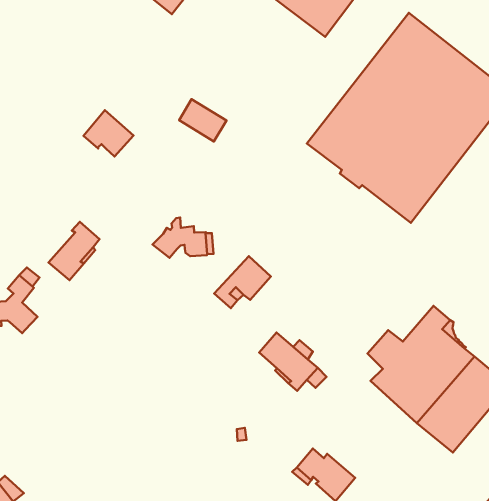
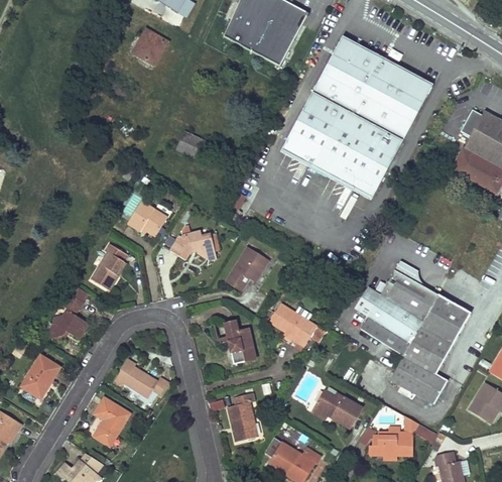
building: [84,110,134,157] -> [128,201,167,236]
building: none -> [225,321,256,364]
building: none -> [115,359,168,397]
building: none -> [94,397,130,446]
building: none -> [389,356,448,405]
building: none -> [228,393,257,442]

